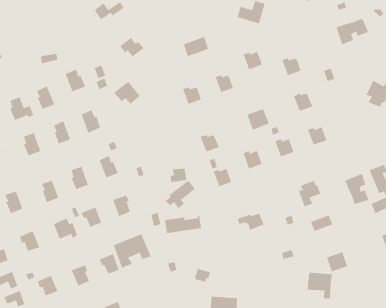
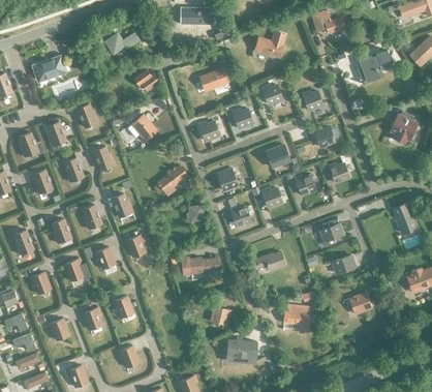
building: none -> [33,57,64,81]
building: [345,173,369,205] -> none
building: [165,180,196,209] -> [154,167,186,197]
building: [113,233,151,269] -> none
building: [307,272,333,299] -> [283,304,310,332]

